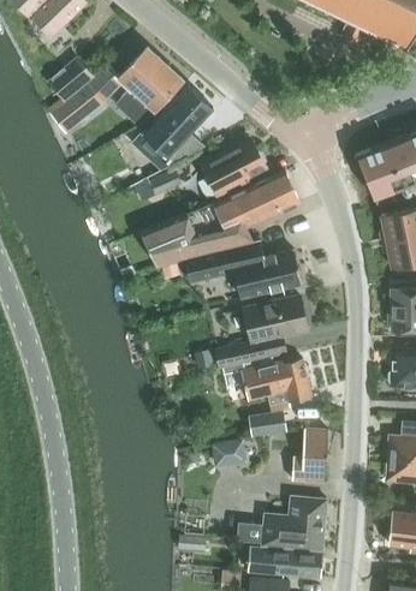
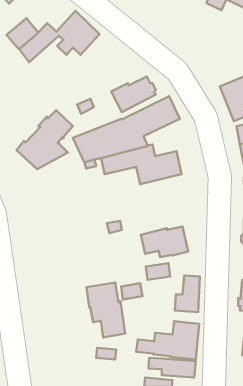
building: [131,84,213,169] -> [16,110,73,169]
building: [215,294,308,366] -> none
building: none -> [86,282,125,338]

